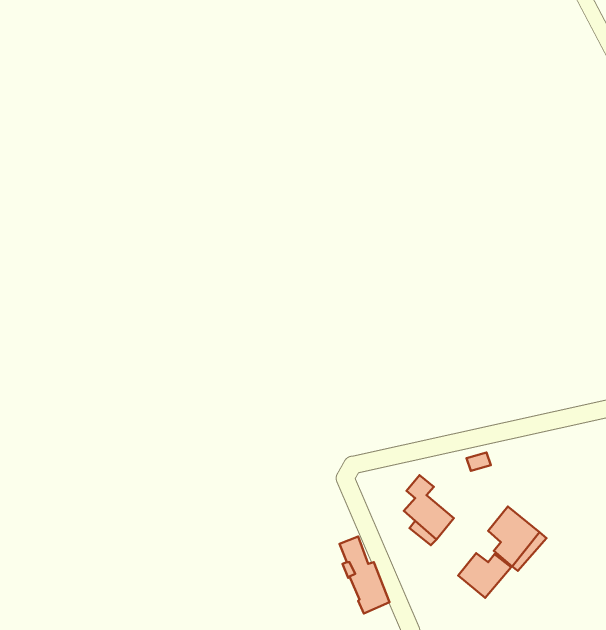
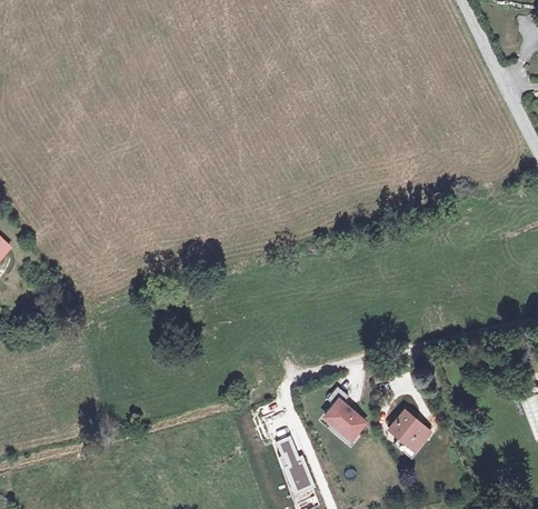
building: [458,553,511,598] -> none

